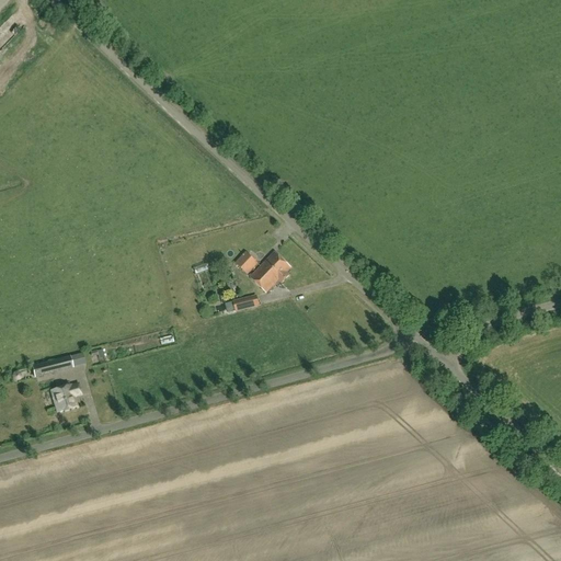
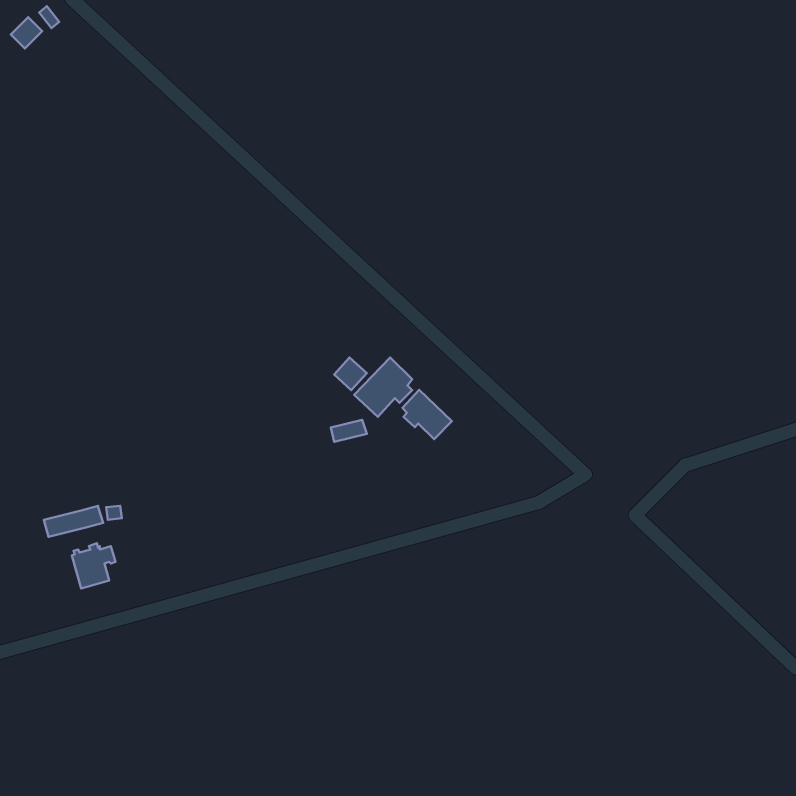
building: none -> [403,390,452,439]

